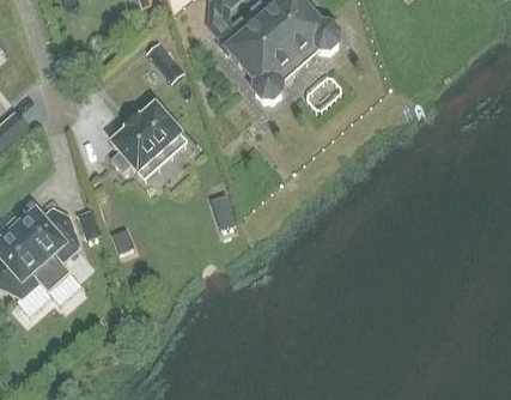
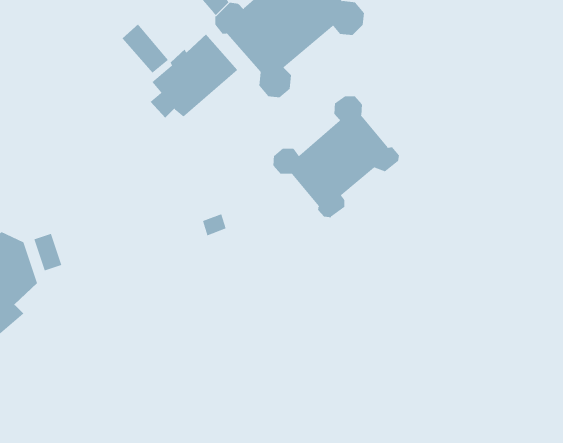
building: none -> [273,95,400,218]
building: [111,105,181,172] -> [150,33,238,119]

